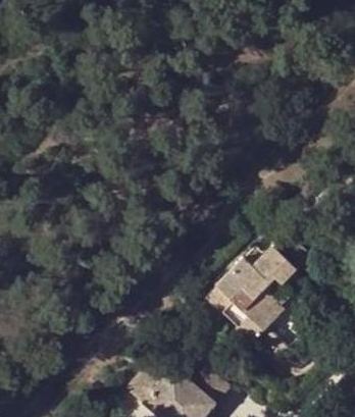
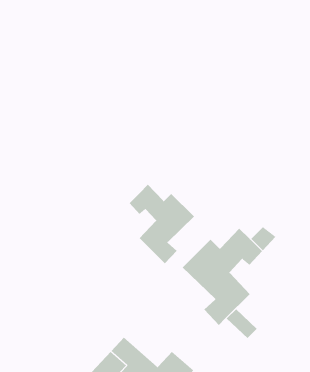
building: none -> [129,184,195,264]

